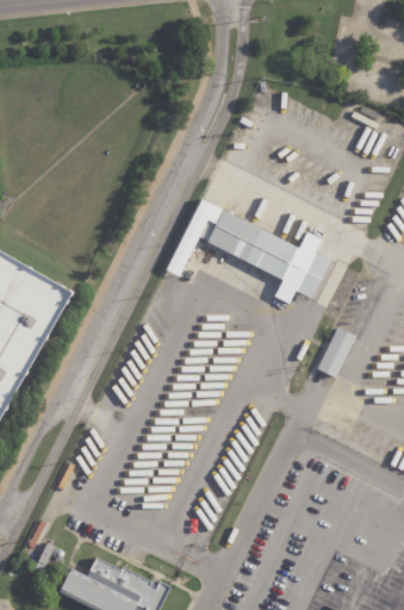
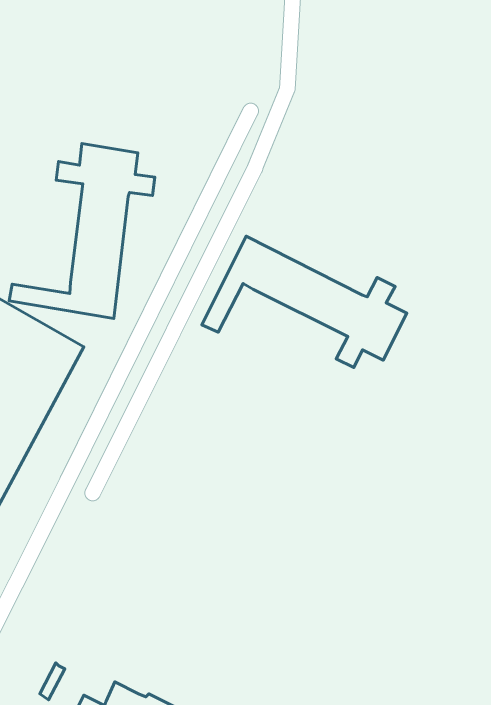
building: none -> [9,144,155,318]
building: [317,329,356,379] -> none

